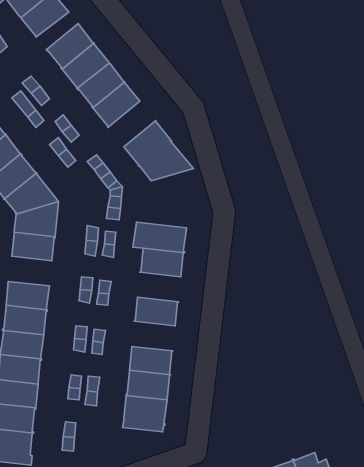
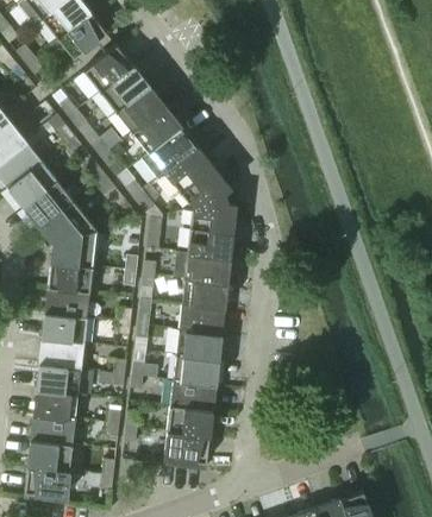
building: none -> [140,126,198,178]
building: none -> [187,196,237,258]
building: none -> [44,288,89,319]
building: none -> [179,304,224,335]
building: none -> [173,355,218,386]

